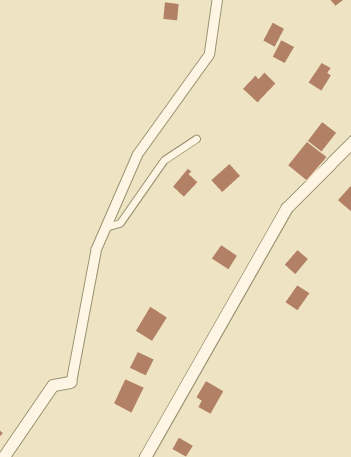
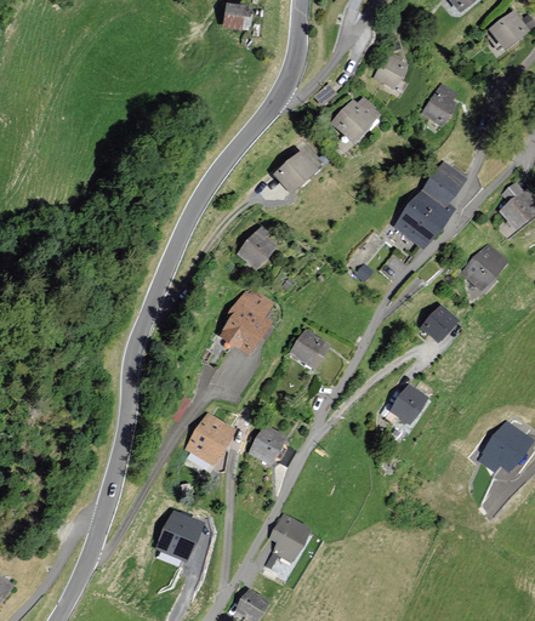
building: [263,22,285,48] -> none
building: [211,163,241,193] -> [274,152,315,192]
building: none -> [222,290,268,352]
building: [284,249,309,275] -> [422,307,456,342]
building: none -> [251,427,285,463]
building: [129,351,154,376] -> none

